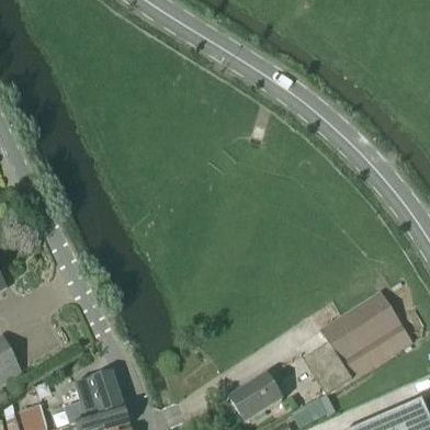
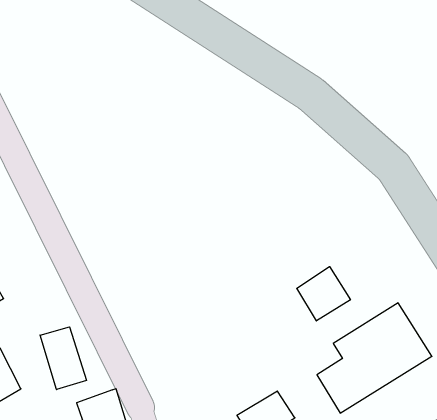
building: none -> [297,267,350,321]
building: none -> [40,327,87,390]

